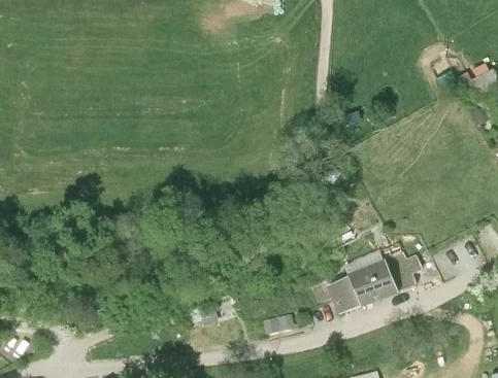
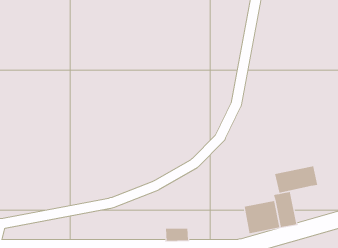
building: none -> [275,166,318,194]
building: [327,275,361,315] -> none

